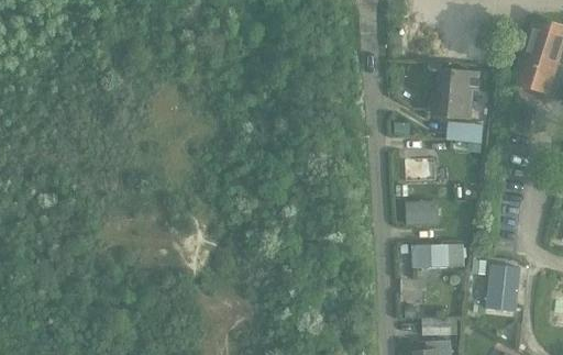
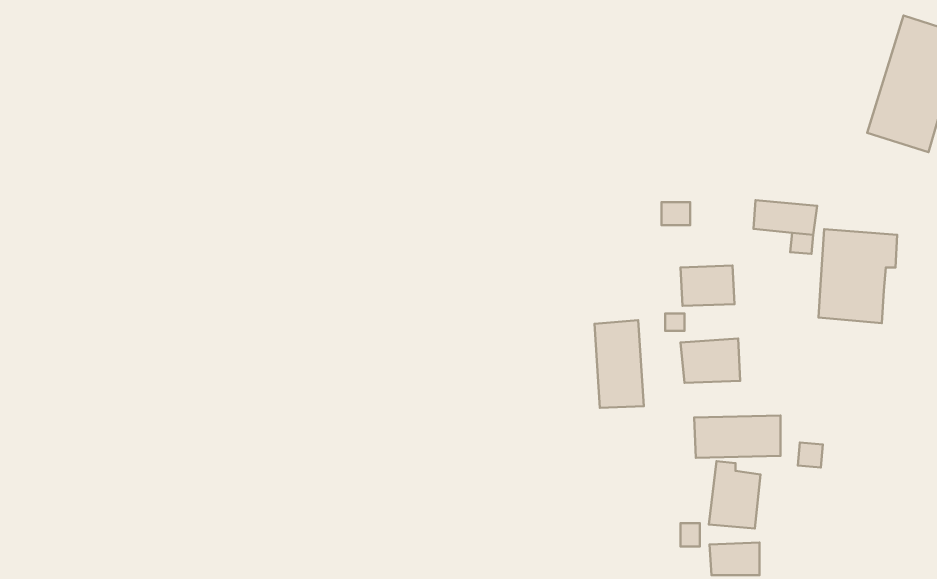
building: [434,64,479,118] -> [818,229,897,323]
building: none -> [594,320,644,408]
building: [492,267,521,306] -> [709,461,761,528]

